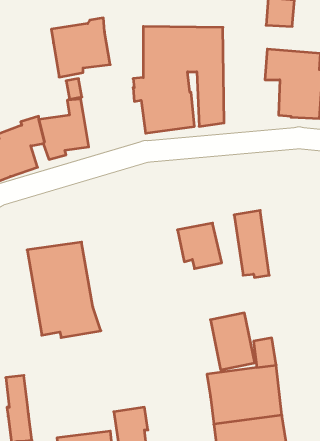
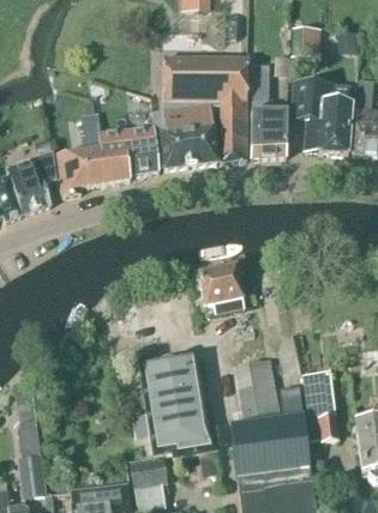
building: [51,18,110,77] -> [96,121,158,183]
building: none -> [251,65,287,158]
building: [234,210,269,277] -> [301,369,338,440]
building: [27,242,101,338] -> [138,356,216,457]

